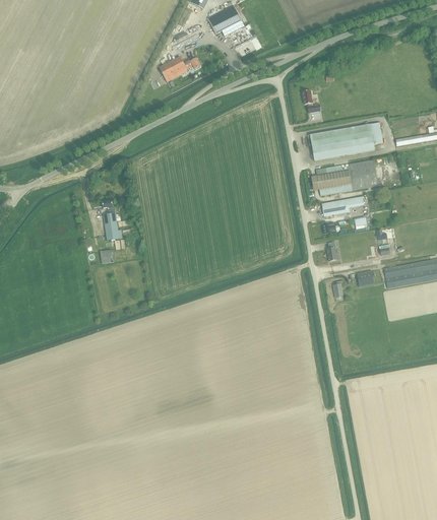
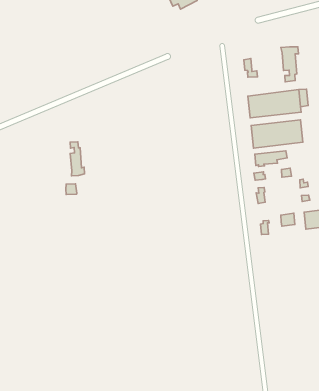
building: [160,55,200,80] -> none
building: none -> [281,47,299,82]

